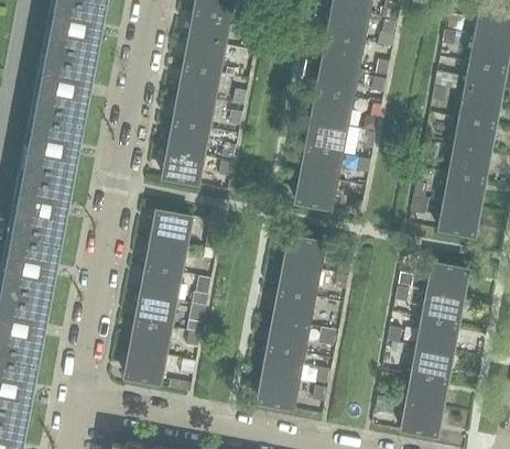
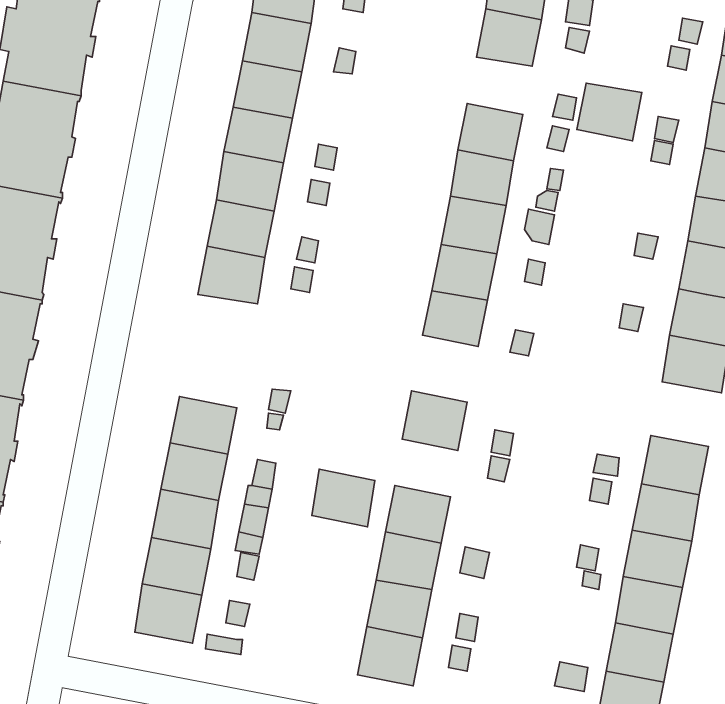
building: [323,39,361,73] -> [577,83,642,141]
building: [152,211,192,247] -> none
building: [280,265,317,299] -> [312,469,375,527]

